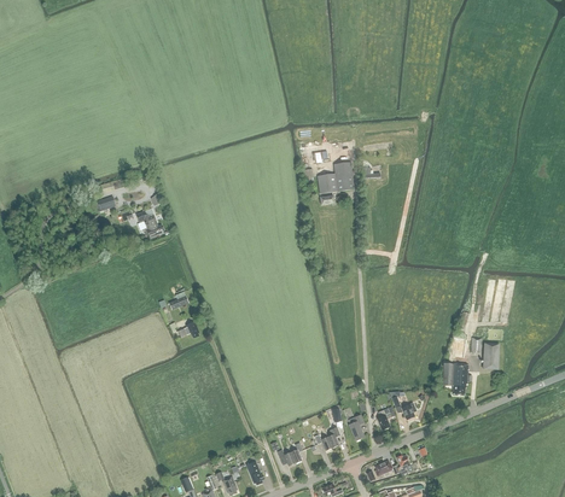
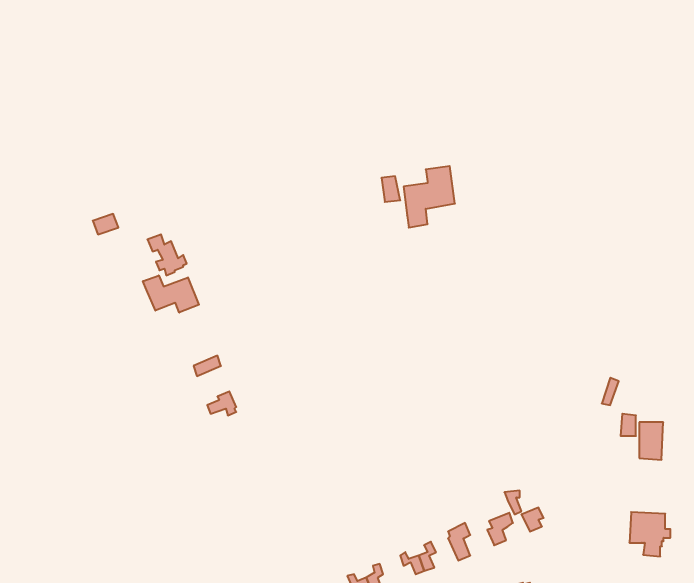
building: none -> [143,275,199,313]
building: [443,363,472,394] -> [629,512,670,556]

